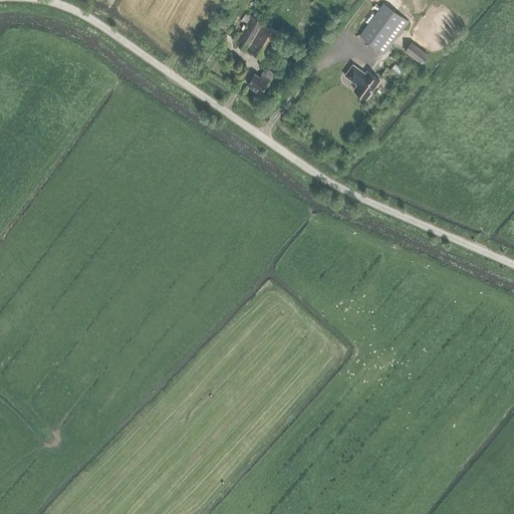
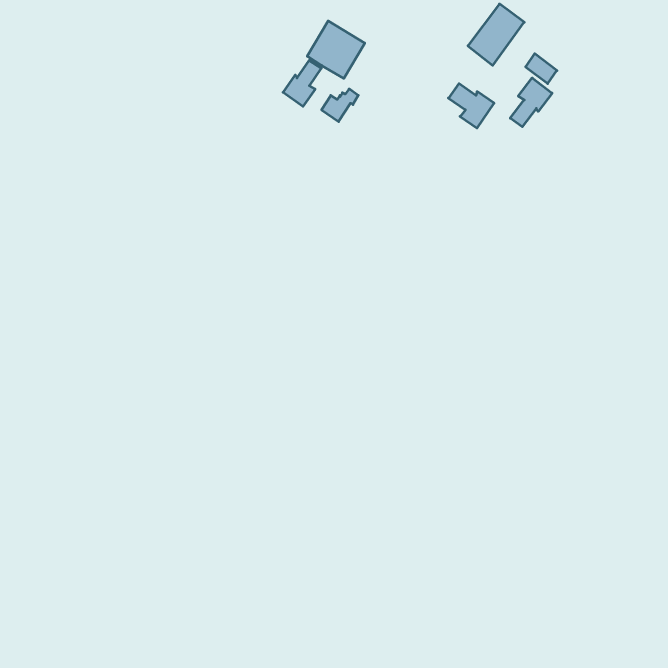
building: none -> [283,60,321,106]
building: none -> [510,78,552,127]

